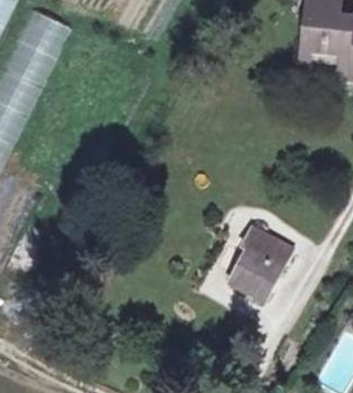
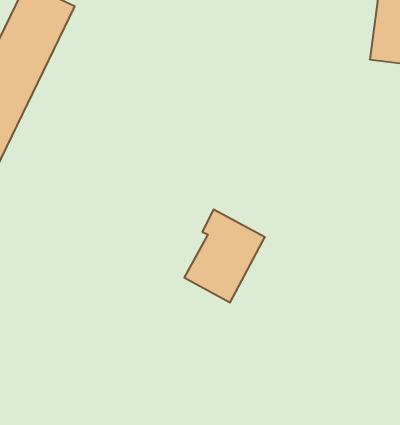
building: [228,225,293,299] -> [184,210,265,303]

